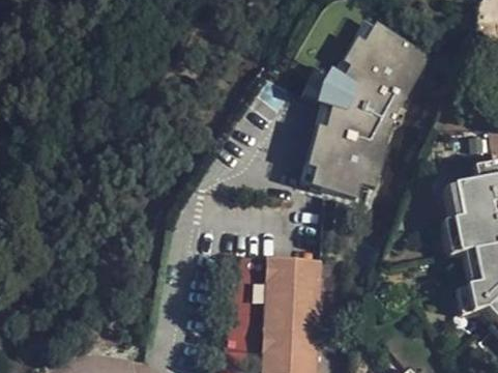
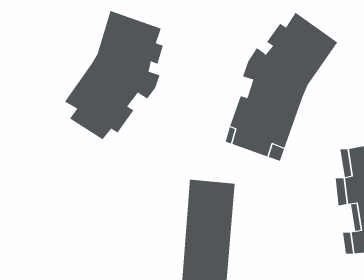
building: none -> [64,10,163,140]

